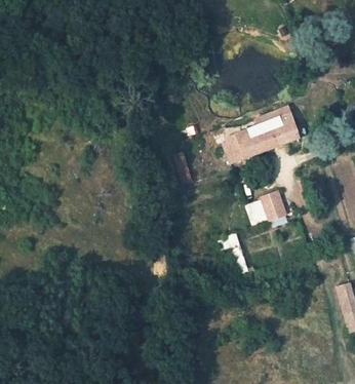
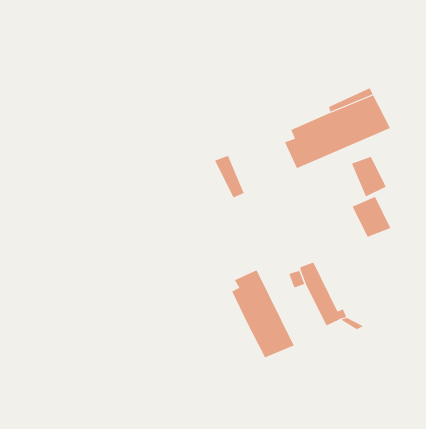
building: [253,193,277,222] -> [351,156,387,197]
building: none -> [232,269,294,358]

